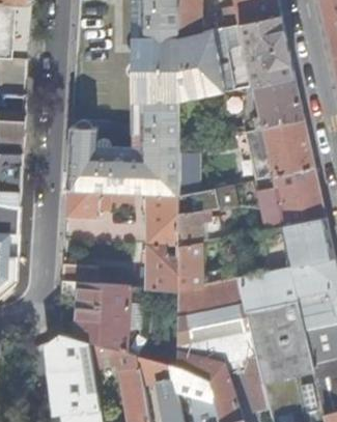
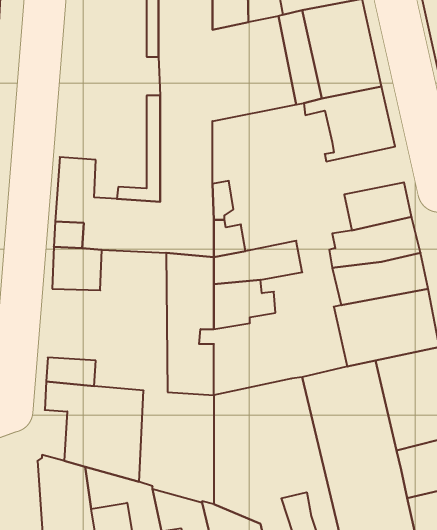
building: [254,119,309,154] -> none
building: [177,242,231,291] -> none

